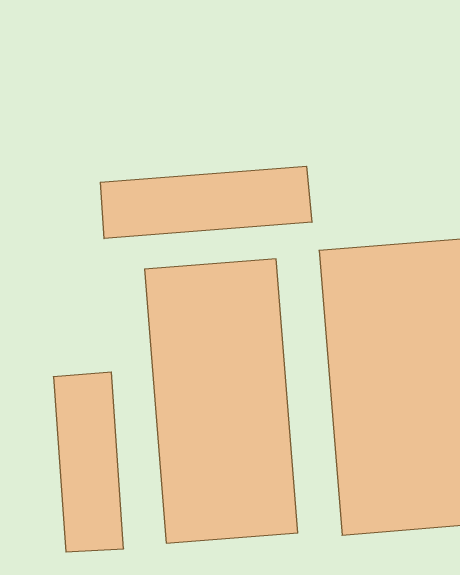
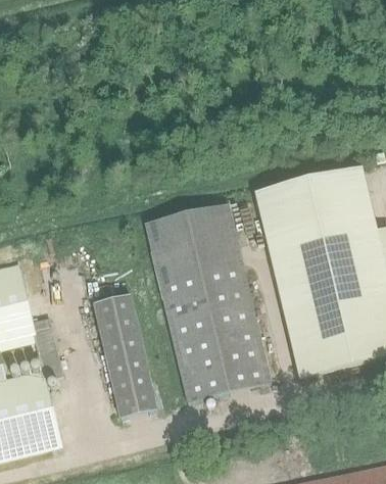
building: [100,166,312,239] -> none

